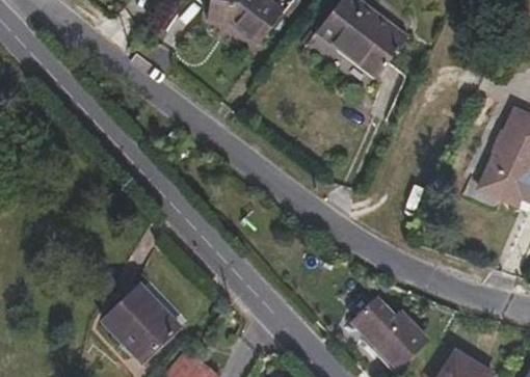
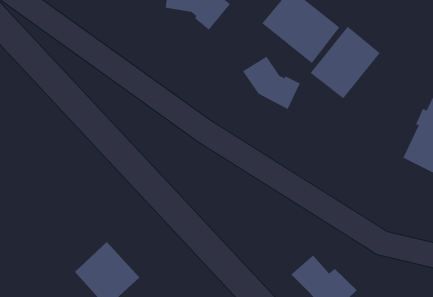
building: none -> [310,26,381,99]
building: none -> [242,56,300,110]

